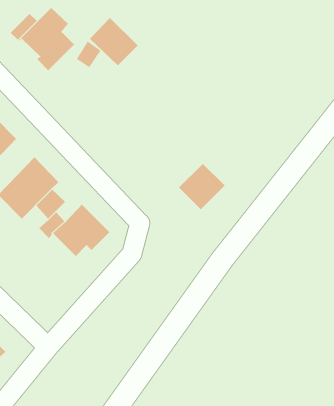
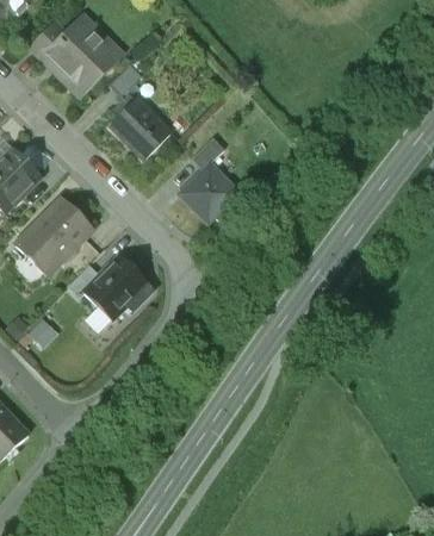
building: [89,17,138,66] -> [111,98,170,157]
building: [178,163,225,210] -> [180,163,237,220]

